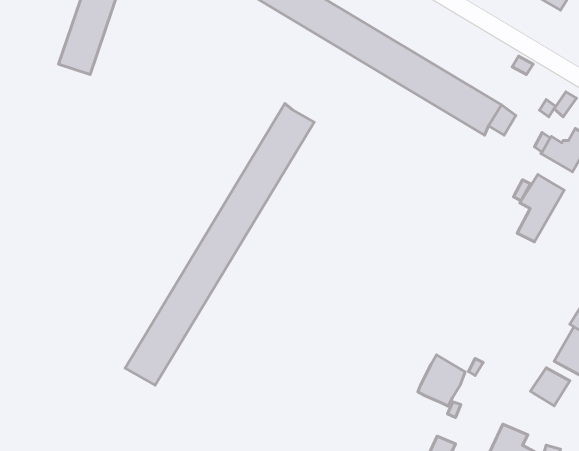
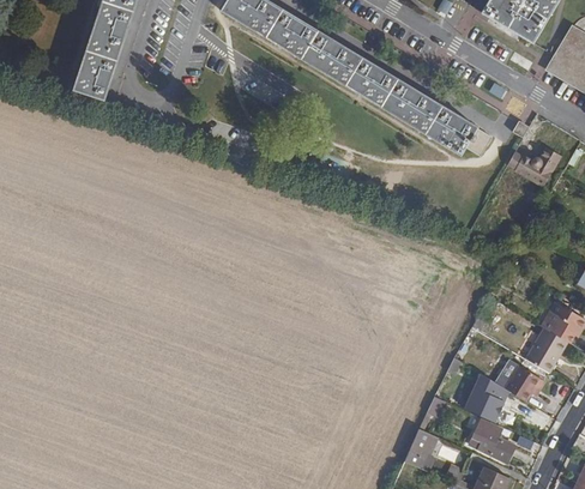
building: [125,103,314,385] -> none
building: [517,175,564,242] -> none
building: [418,355,465,406] -> [464,375,507,422]

